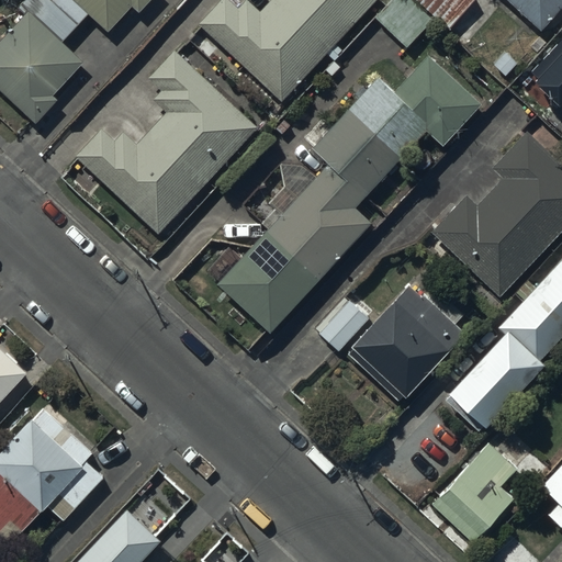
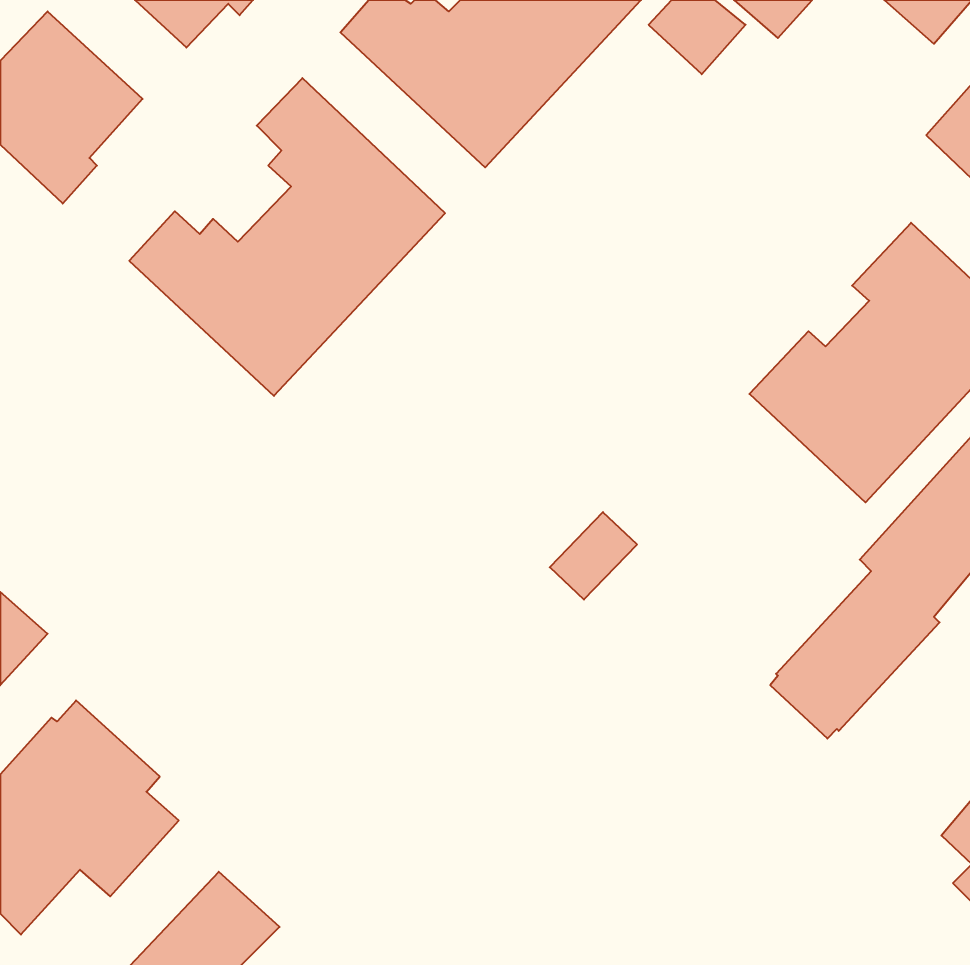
building: [216,56,481,331] -> none
building: [350,283,468,401] -> none
building: [435,446,517,542] -> none

